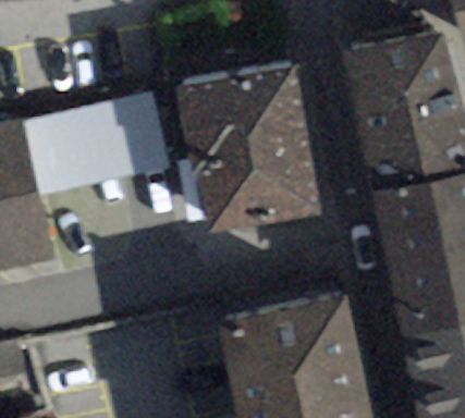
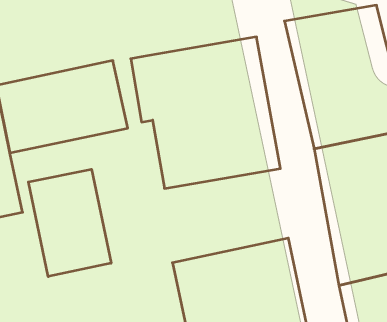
building: none -> [28,169,111,277]

